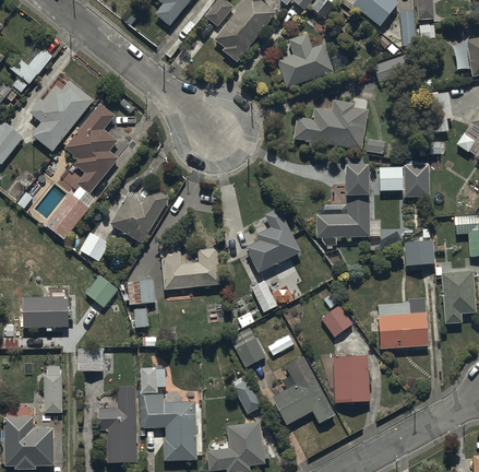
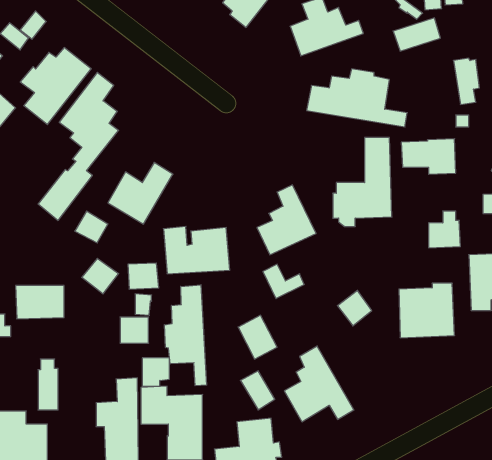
building: none -> [164,285,207,386]
building: [77,347,104,371] -> [120,317,149,343]
building: [335,355,372,403] -> none

